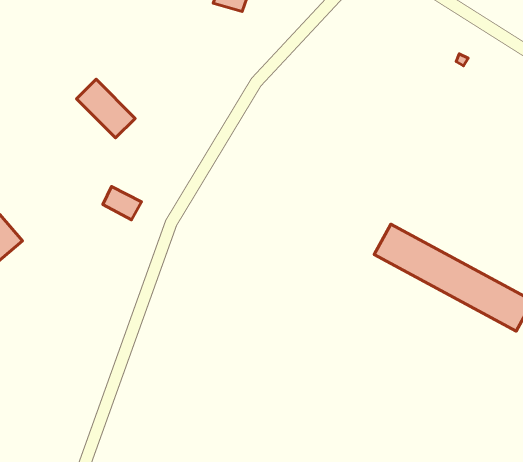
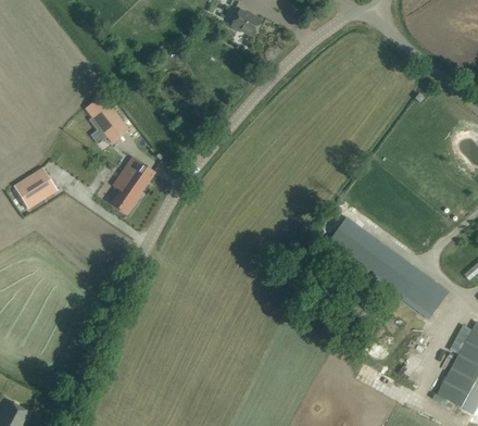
building: [77,79,135,138] -> [85,95,128,142]
building: none -> [112,171,144,213]

